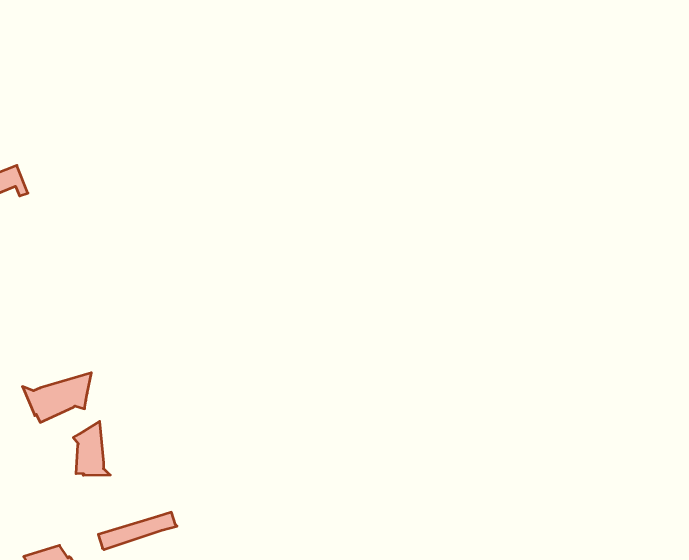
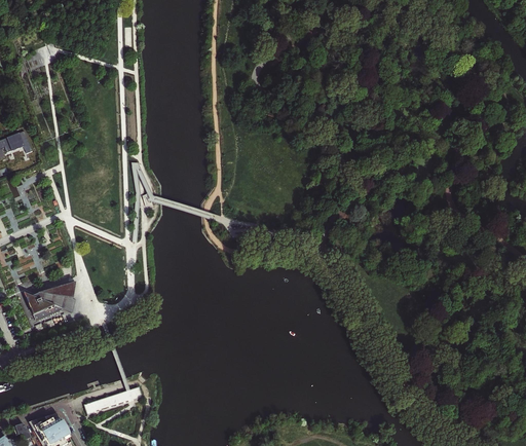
building: [73,421,110,475] -> none

